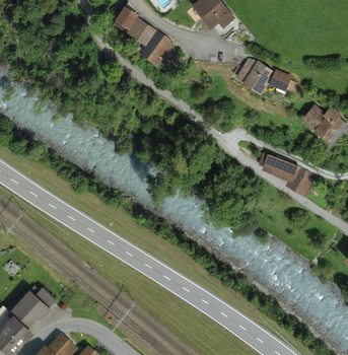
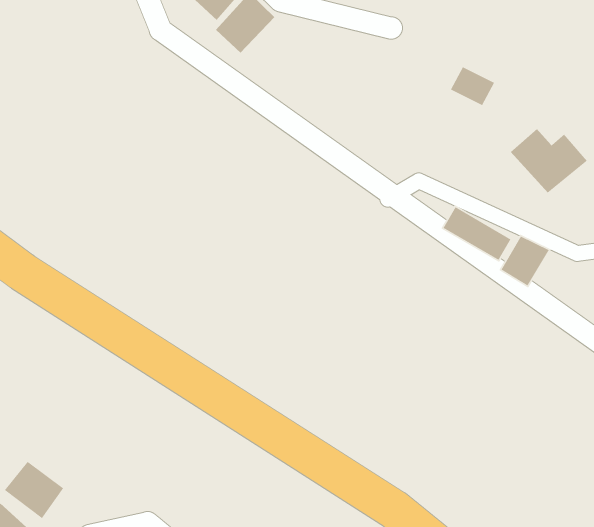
building: [232,58,269,93] -> none

